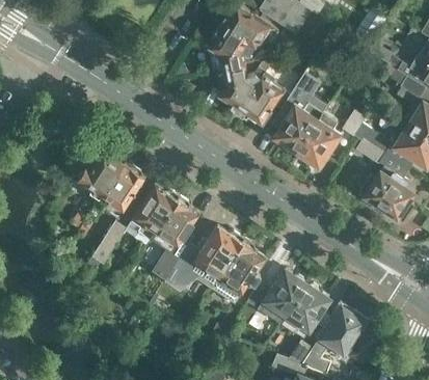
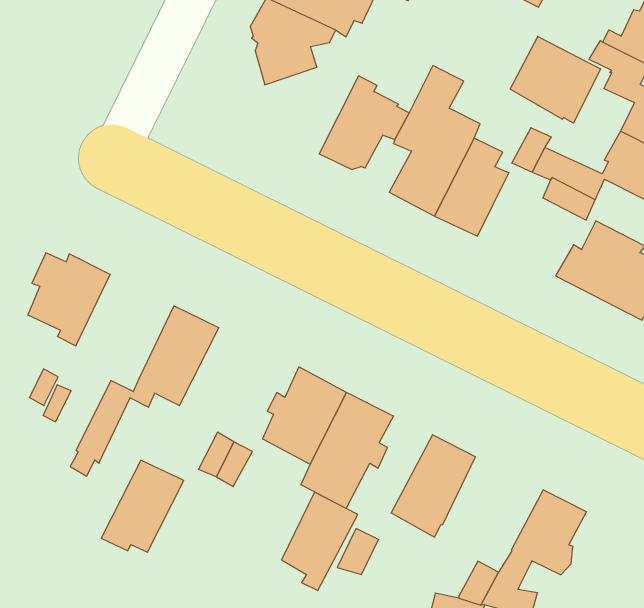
building: [215,62,271,112] -> none
building: none -> [510,36,601,123]
building: [98,164,143,218] -> none
building: [150,199,197,249] -> [101,460,184,552]
building: [284,284,327,337] -> [282,492,358,590]

